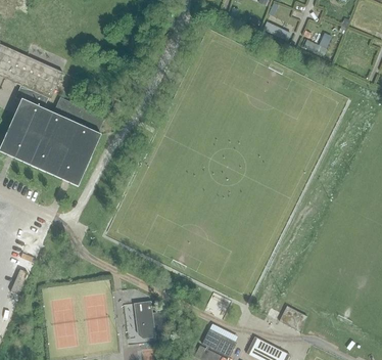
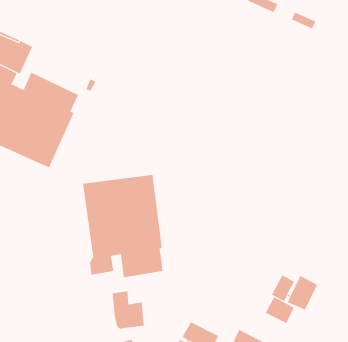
building: none -> [83,174,163,278]
building: none -> [271,275,318,310]

